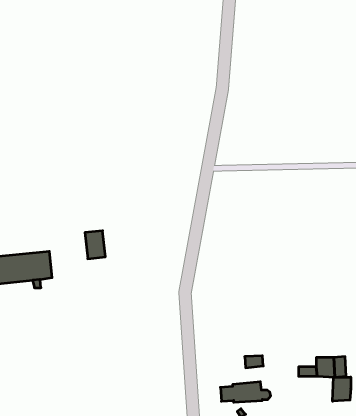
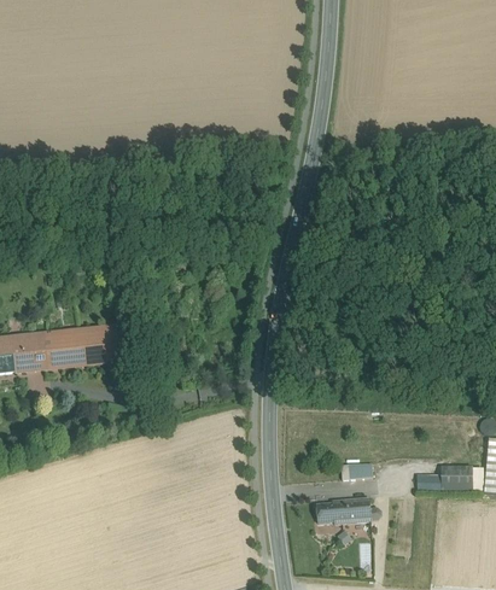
building: [85,231,105,259] -> [88,326,115,362]
building: [333,377,351,401] -> none

